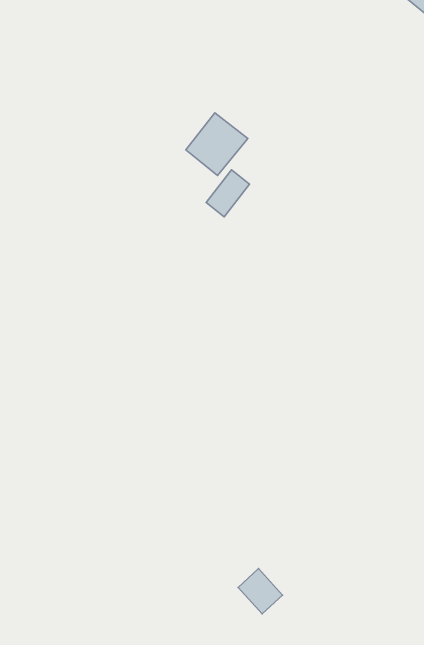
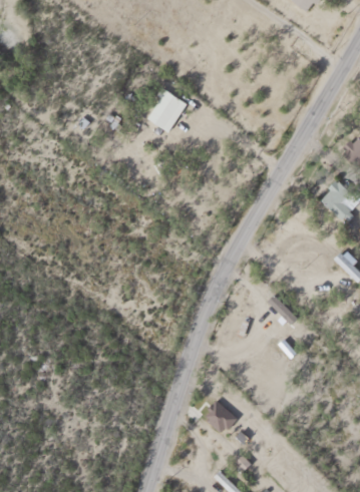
building: [206,170,250,217] -> none

